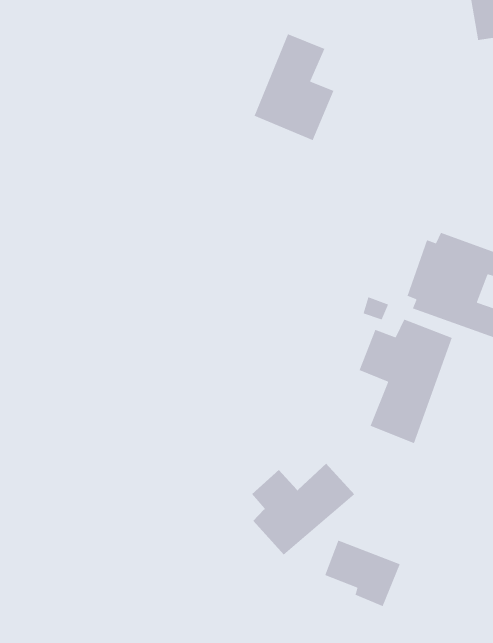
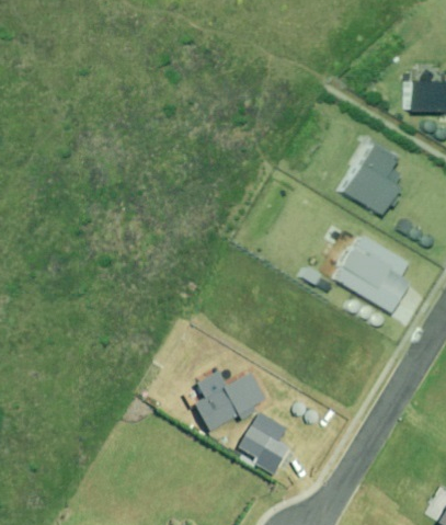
building: [253,33,334,141] -> [340,141,396,215]
building: [359,319,453,444] -> none

